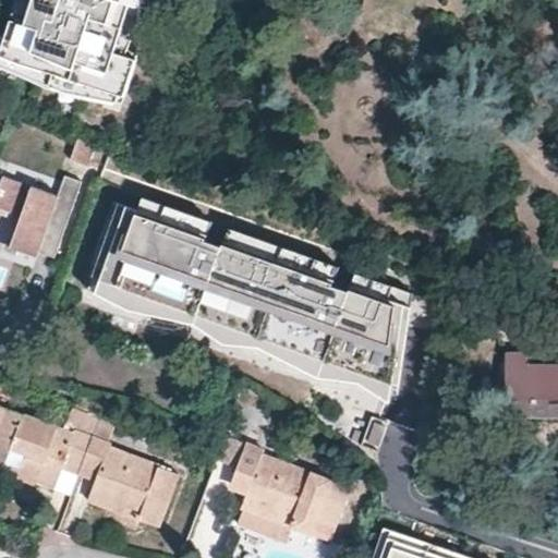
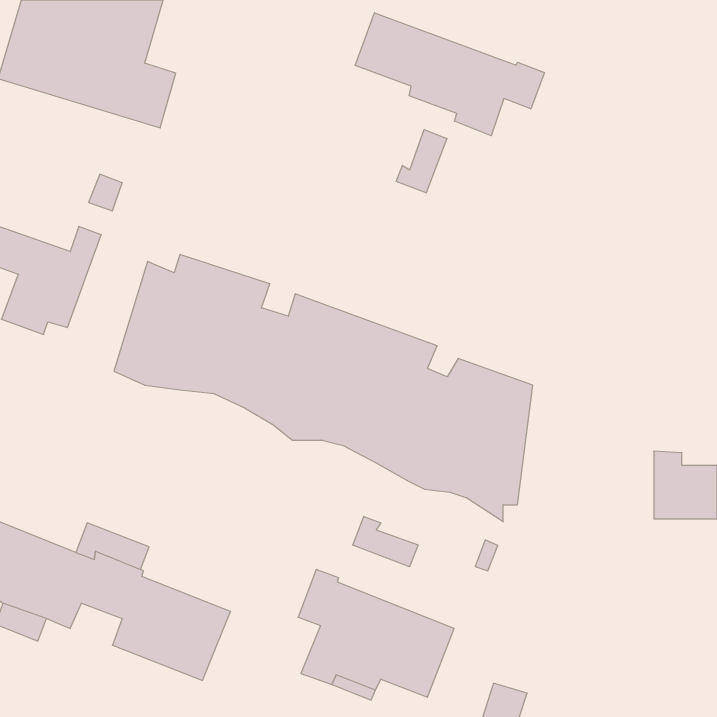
building: none -> [355,13,544,136]
building: none -> [396,130,447,193]
building: none -> [353,516,418,567]

